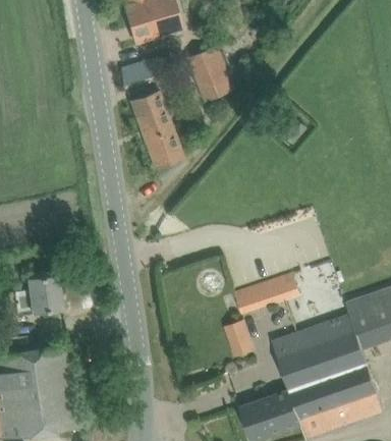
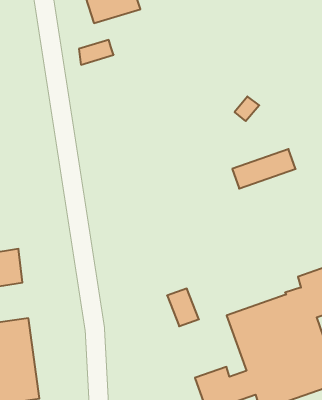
building: [187,45,236,101] -> none
building: [131,92,184,168] -> none
building: [234,275,299,316] -> [232,149,296,189]

